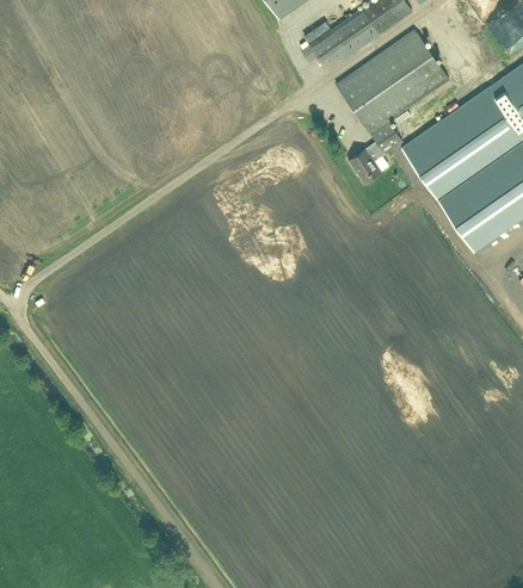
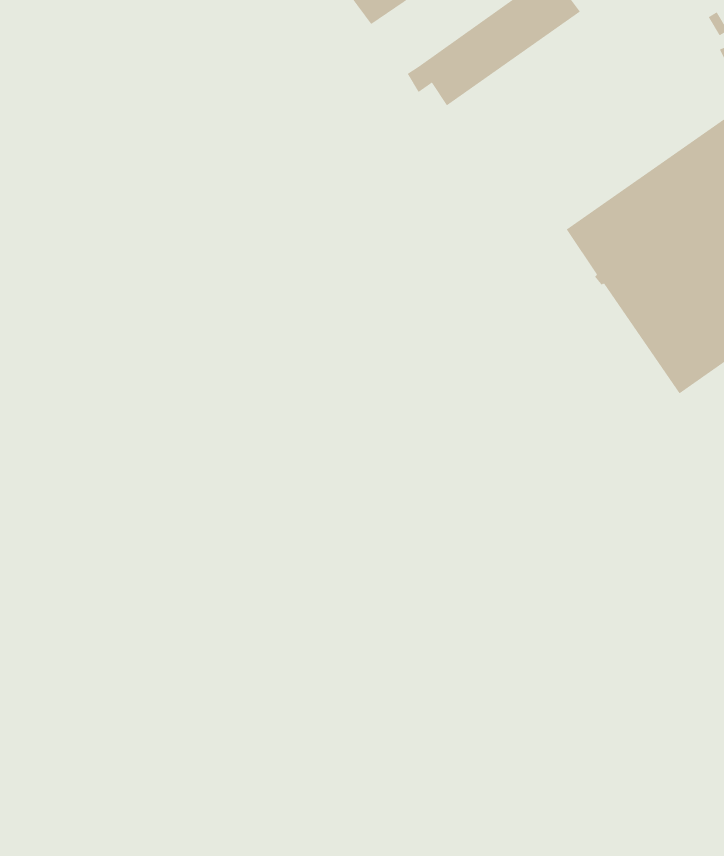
building: [336,29,449,181] -> none

